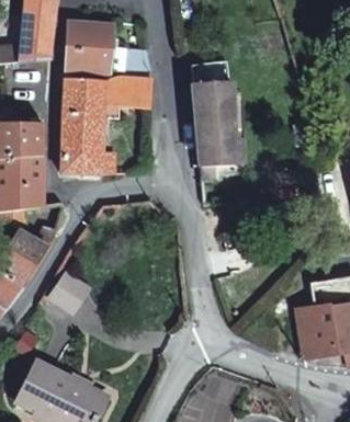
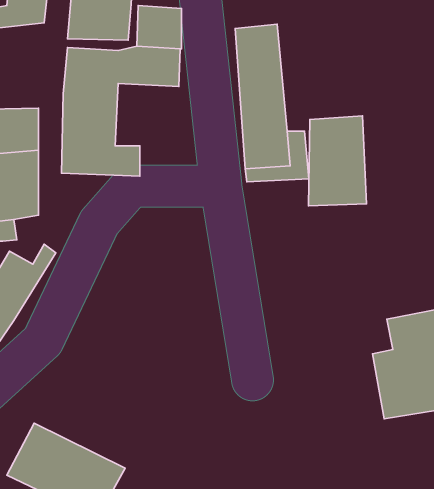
building: none -> [308,116,367,206]

